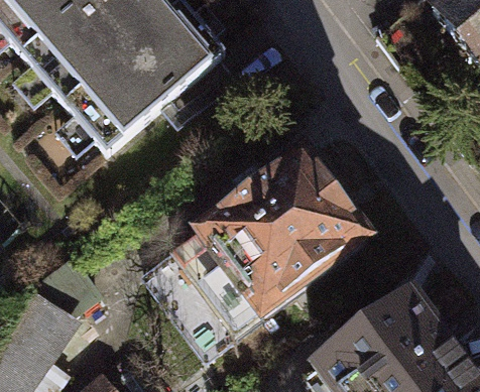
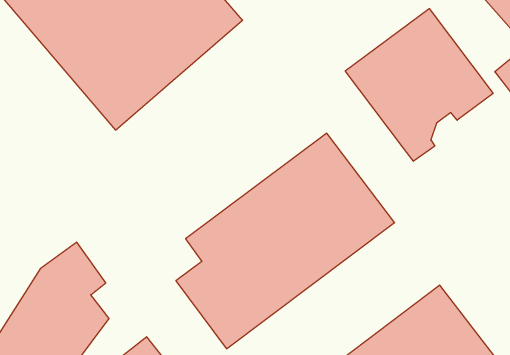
building: none -> [345,9,493,161]

